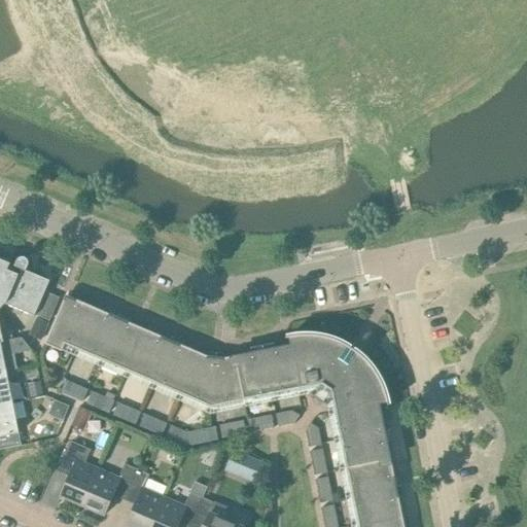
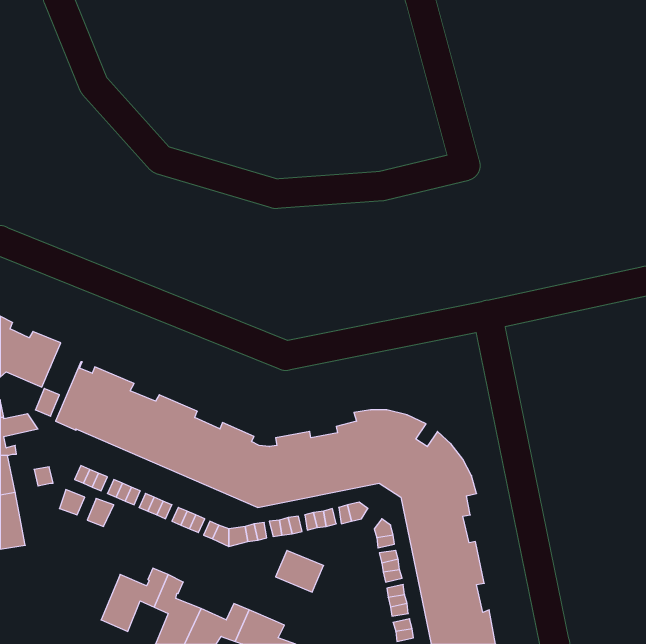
building: [60,440,98,504] -> none

